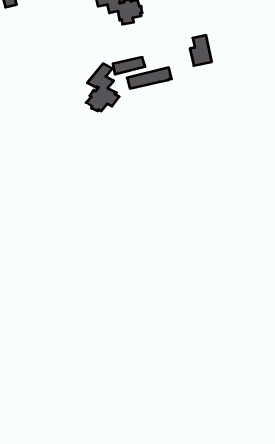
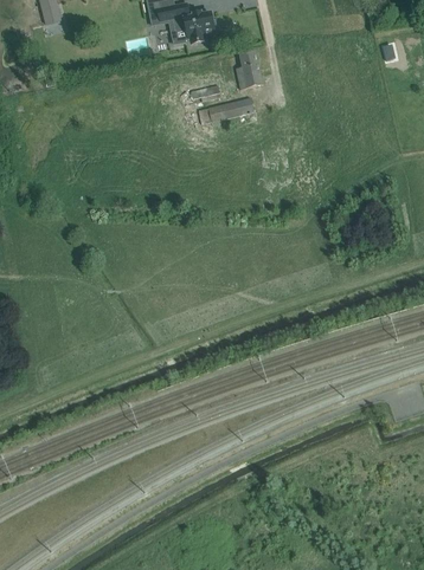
building: [190,35,212,66] -> [235,51,262,89]
building: [86,64,119,111] -> none

